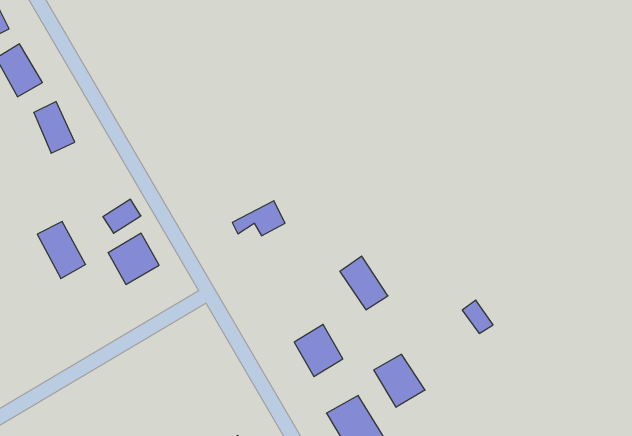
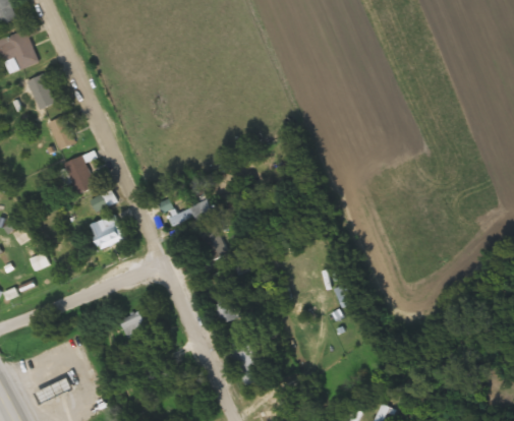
building: [37,221,86,279] -> [63,156,95,195]
building: [340,256,388,310] -> [198,225,230,262]
building: [374,354,425,407] -> none
building: none -> [119,308,155,338]

